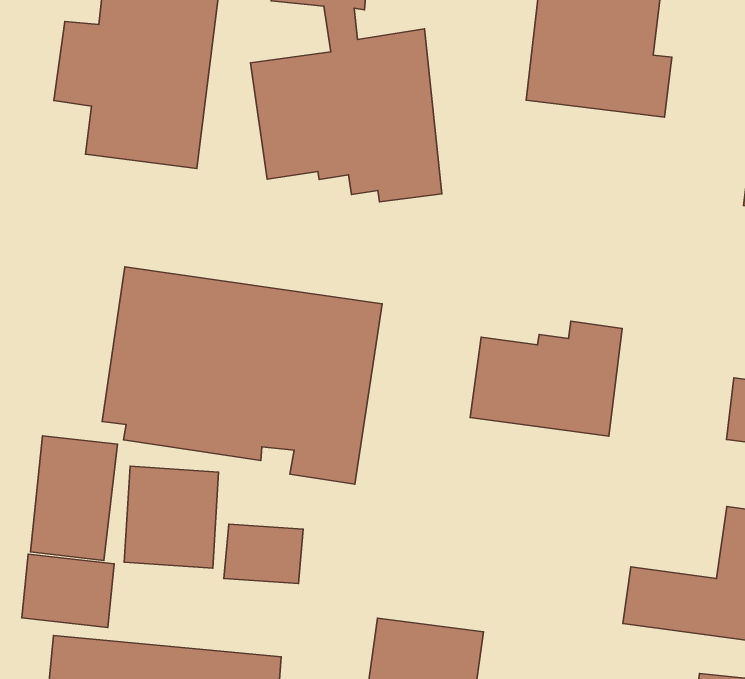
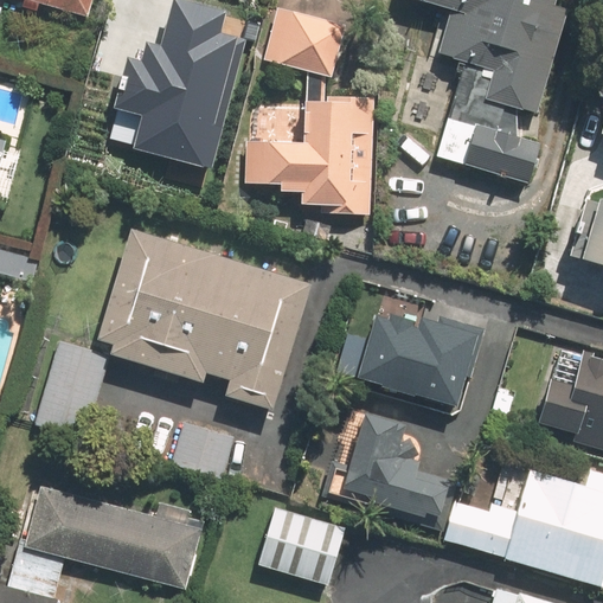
building: [124,466,218,568] -> none
building: none -> [345,416,451,515]
building: [22,554,114,628] -> none

